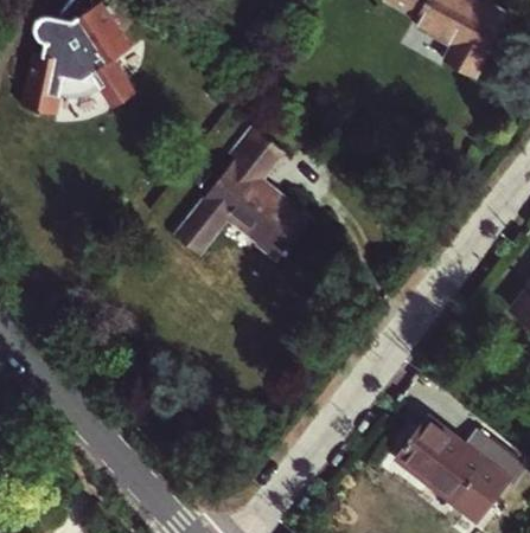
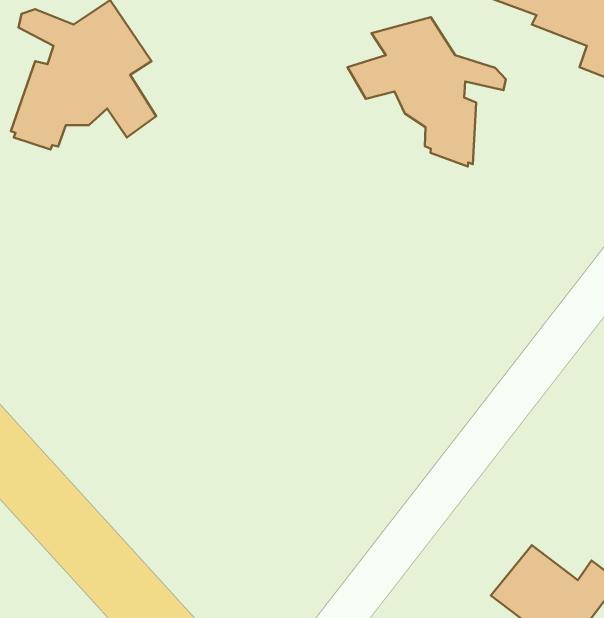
building: none -> [347,17,506,166]
building: [175,126,311,261] -> none

